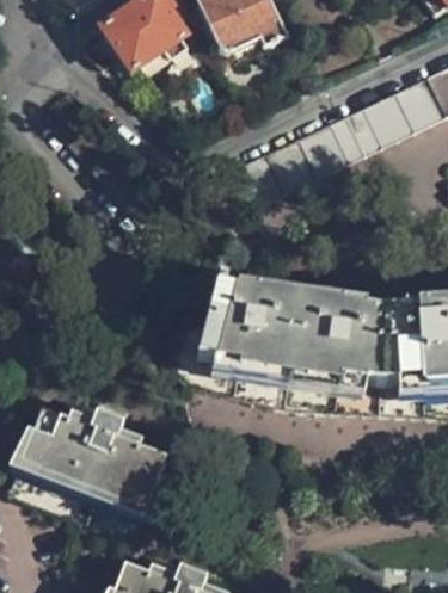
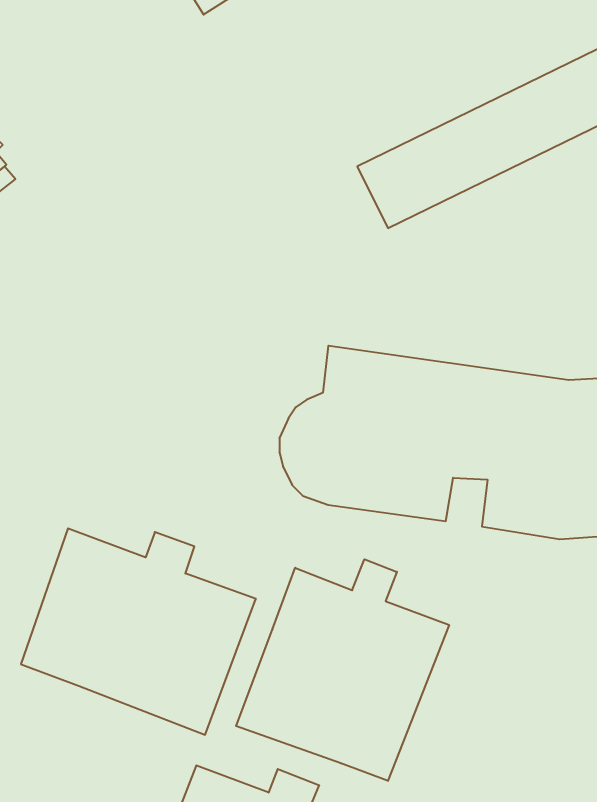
building: none -> [236,559,449,781]

